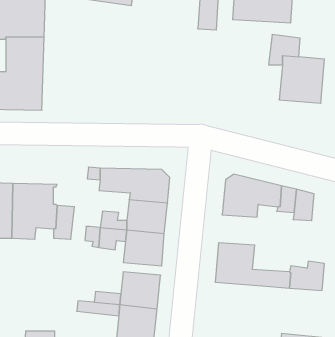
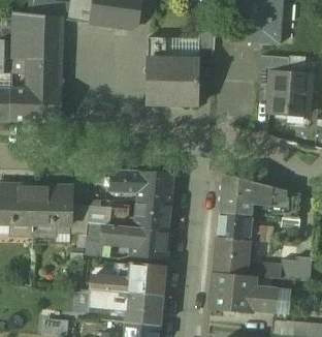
building: none -> [147,37,198,105]
building: none -> [216,214,250,241]
building: none -> [210,274,276,312]

